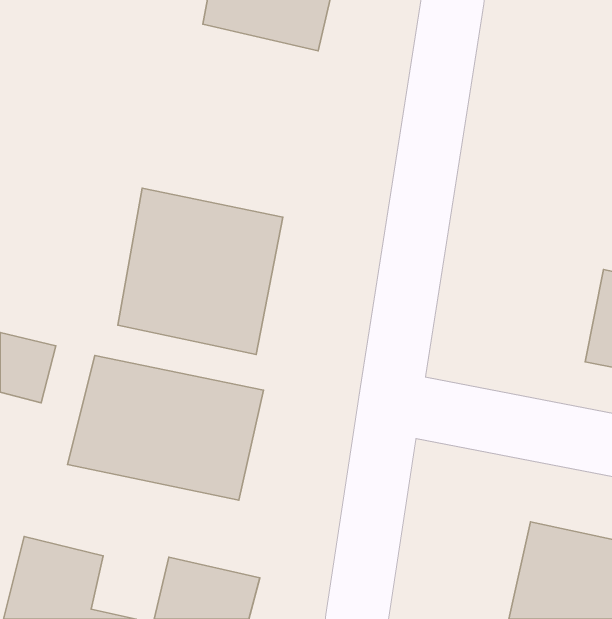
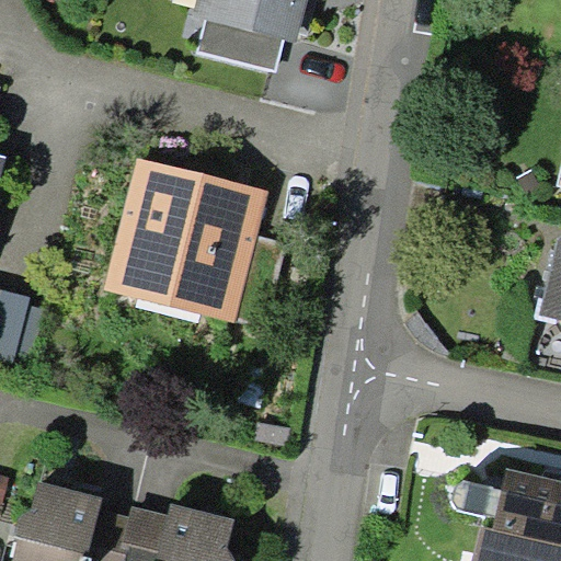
building: [67,356,264,500] -> none

